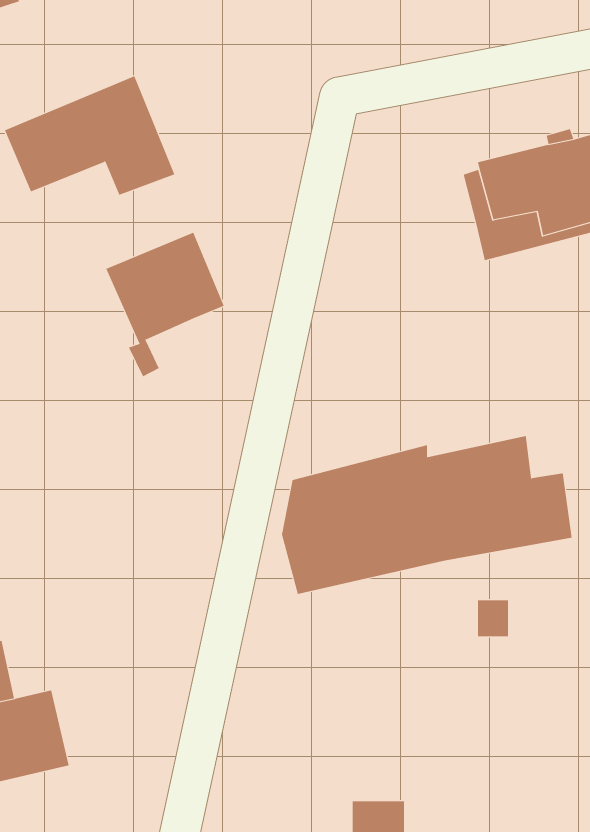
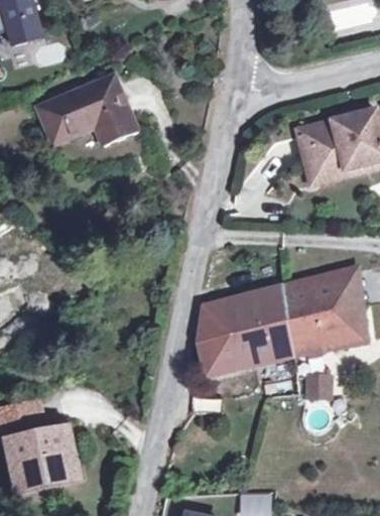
building: [106,232,225,377] -> none
building: none -> [280,267,358,305]

